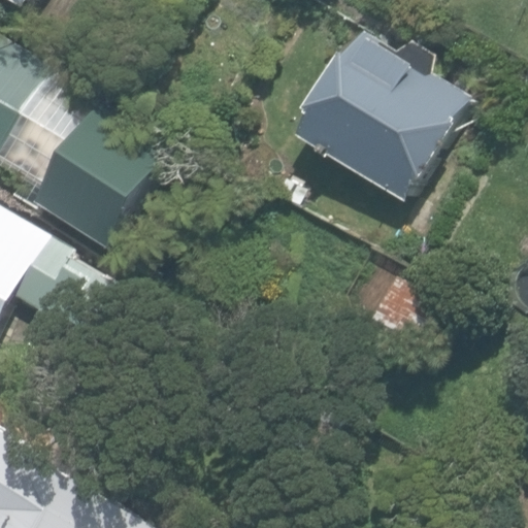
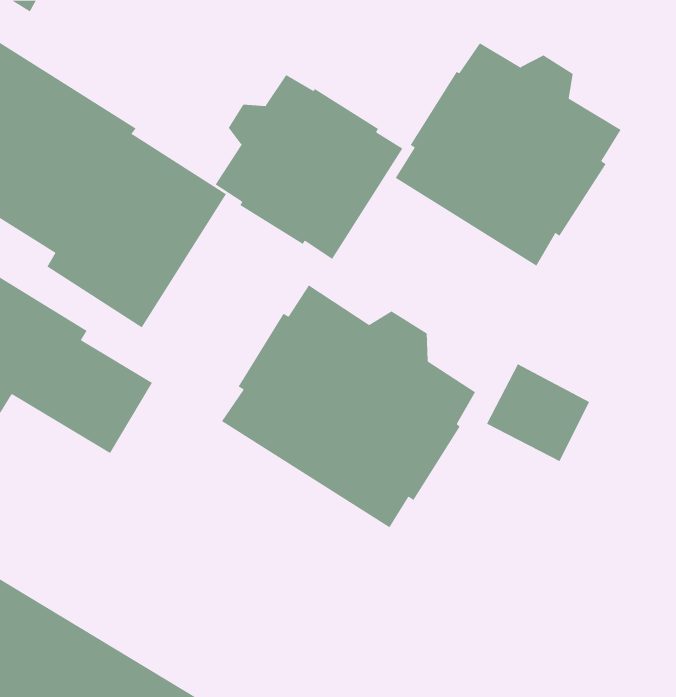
building: none -> [215,74,403,260]
building: none -> [221,285,476,528]

